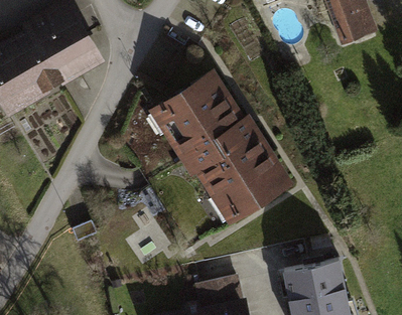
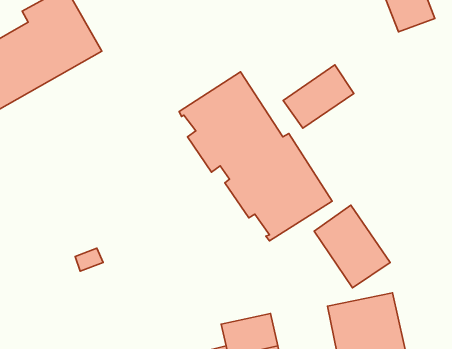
building: none -> [283,65,354,128]
building: none -> [314,205,390,288]

